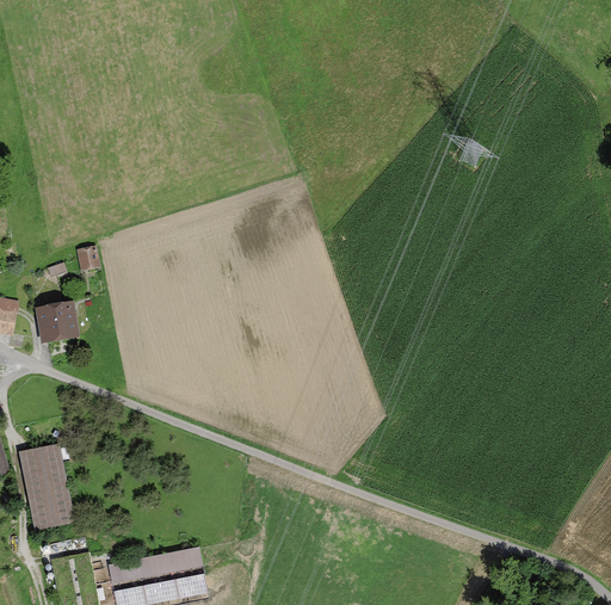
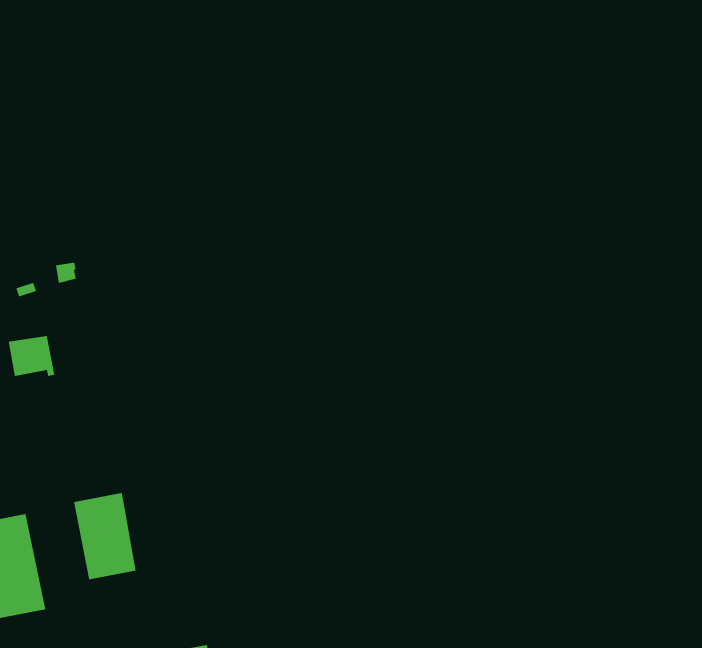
building: none -> [73,492,136,580]

